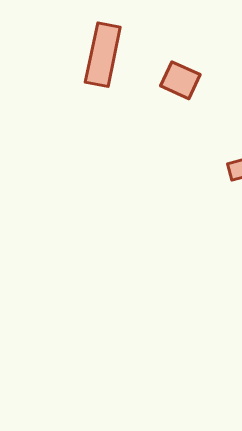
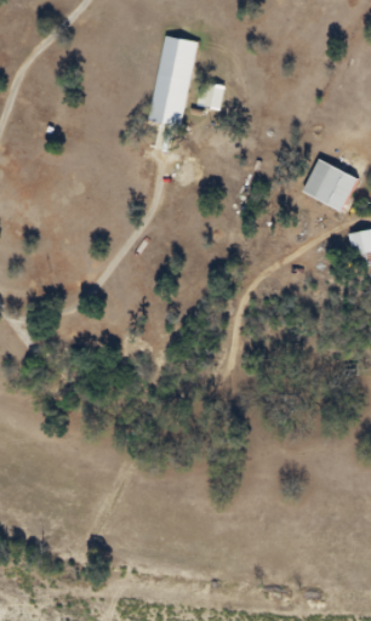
building: [161,62,200,99] -> [302,159,358,211]

